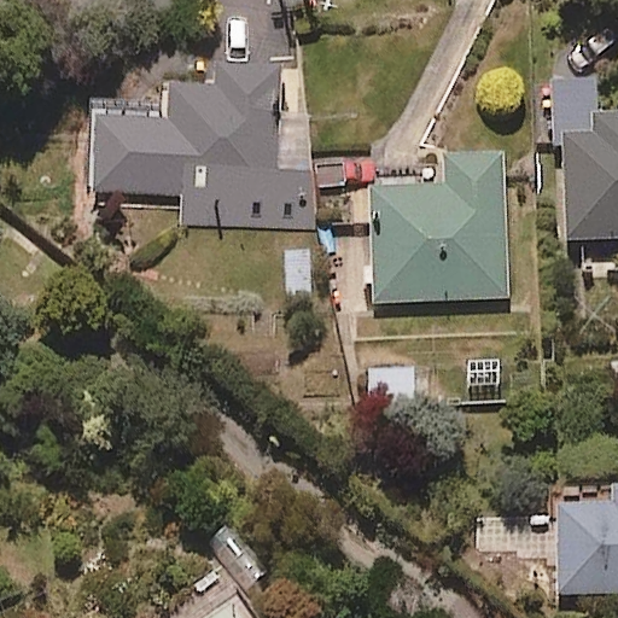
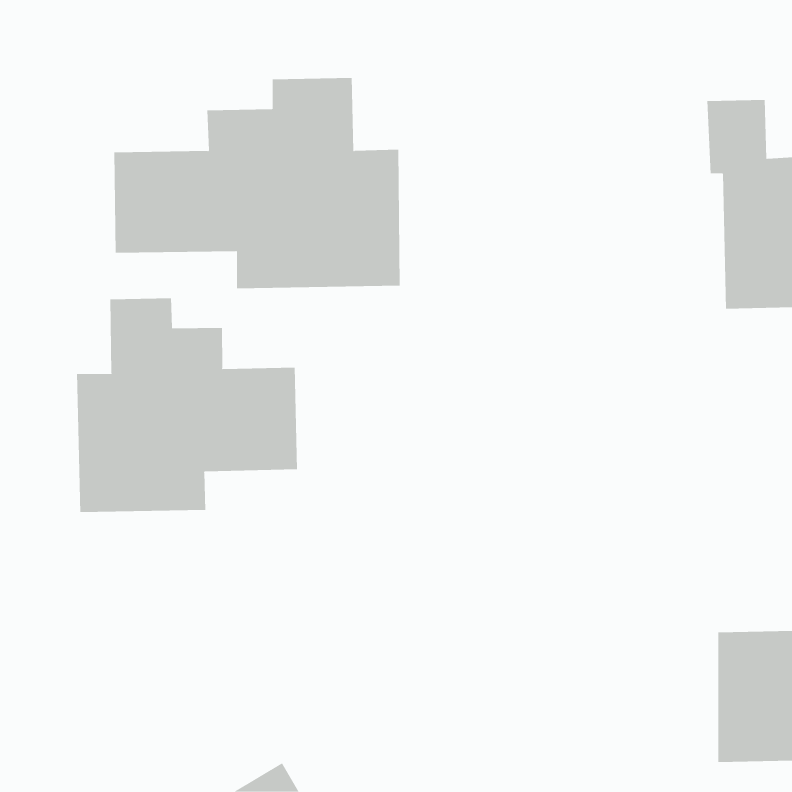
building: [369,157,509,304] -> none
building: none -> [76,298,298,513]

